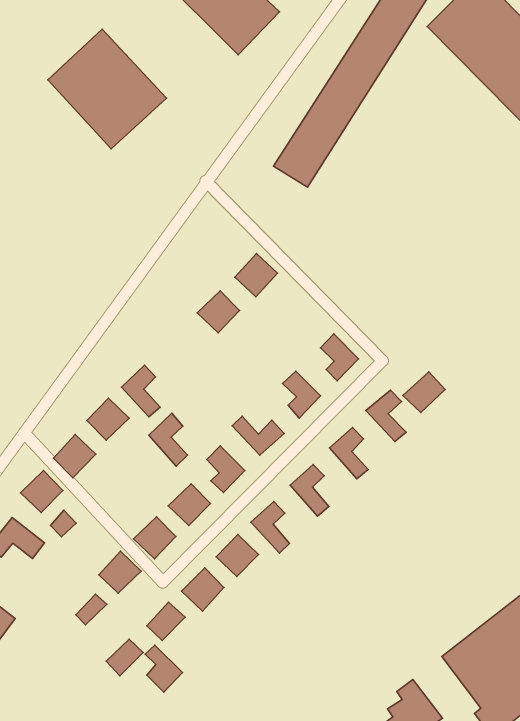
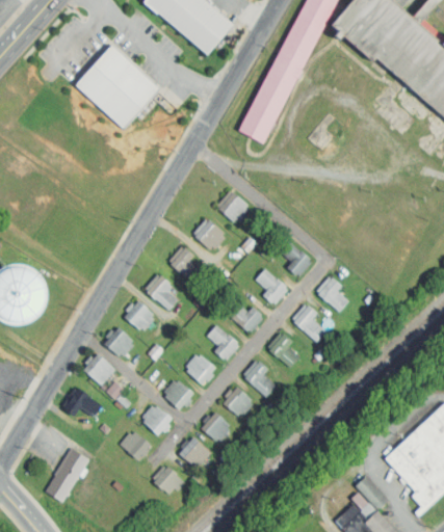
building: [403,372,445,413] -> none
building: [149,413,188,466] -> [171,246,199,283]
building: [145,645,183,692] -> none

